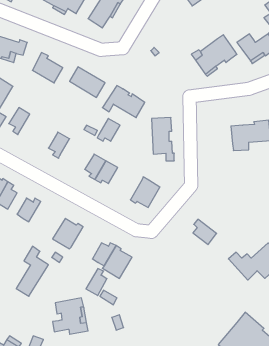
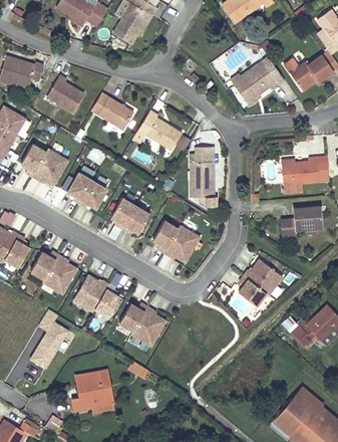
building: none -> [29,147,65,183]
building: [97,118,120,141] -> [77,179,104,206]
building: none -> [283,206,323,236]
building: none -> [151,219,177,251]
building: none -> [40,253,75,291]
building: none -> [243,258,281,293]
building: [86,269,107,296] -> [92,283,117,315]

